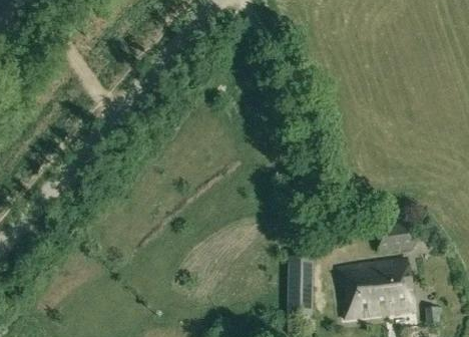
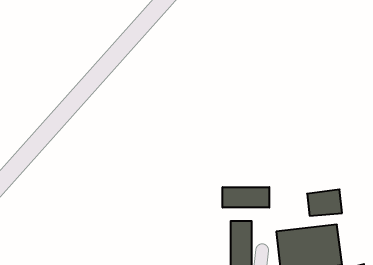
building: none -> [223,187,269,208]

